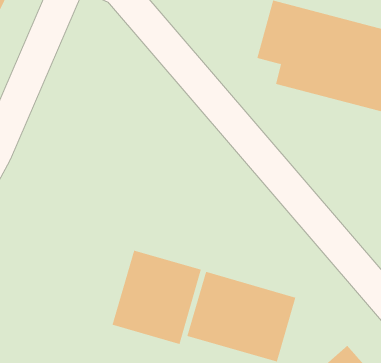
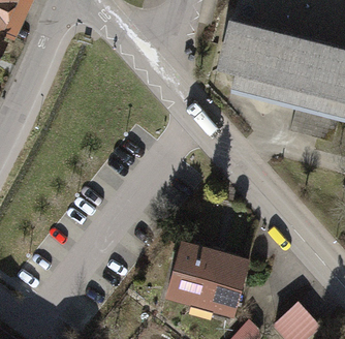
building: [112,250,202,345] -> none

